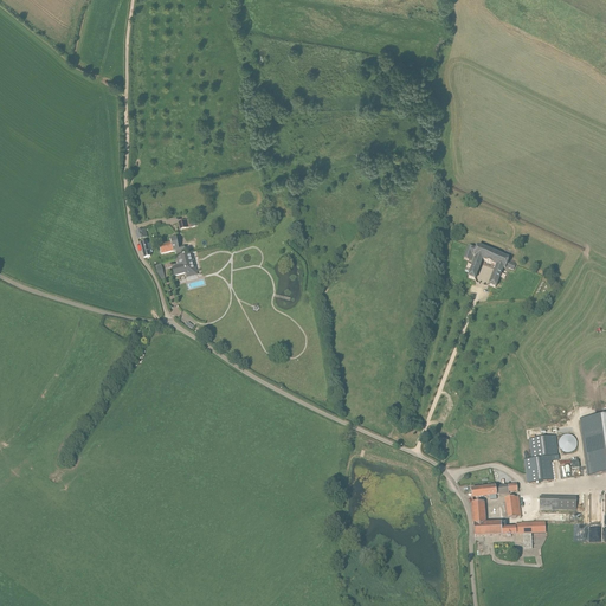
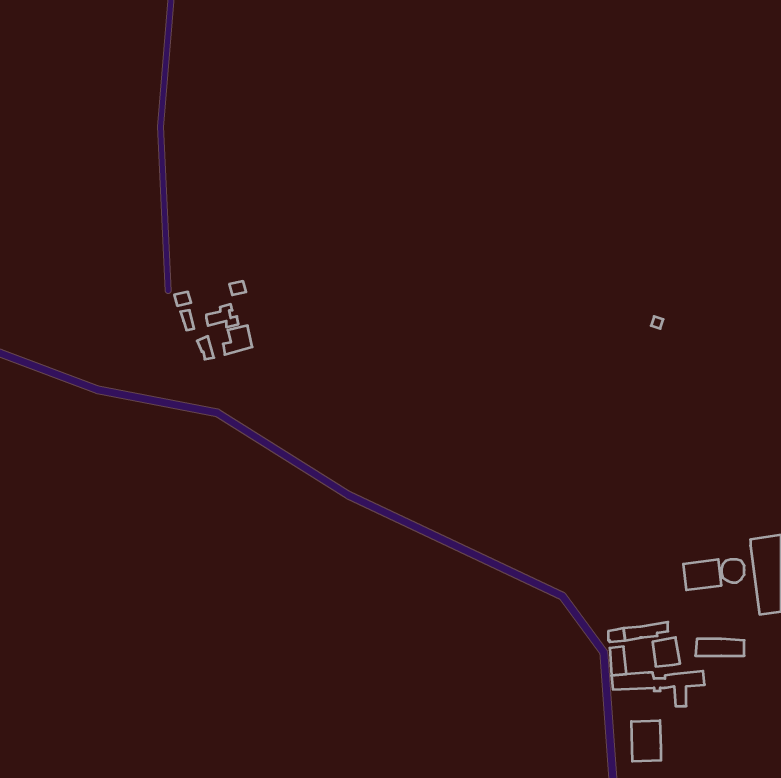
building: [464,244,516,285] -> none
building: [524,453,559,481] -> none
building: none -> [631,720,661,761]

